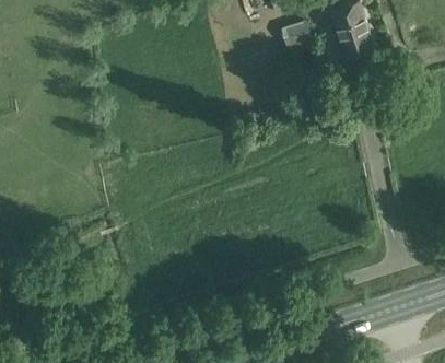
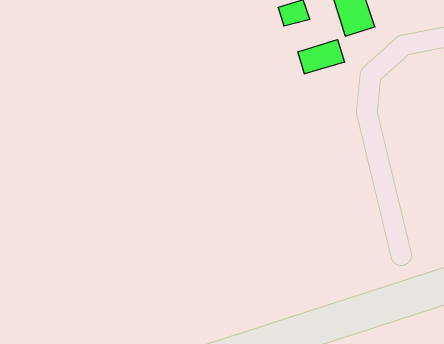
building: none -> [298,40,345,74]

